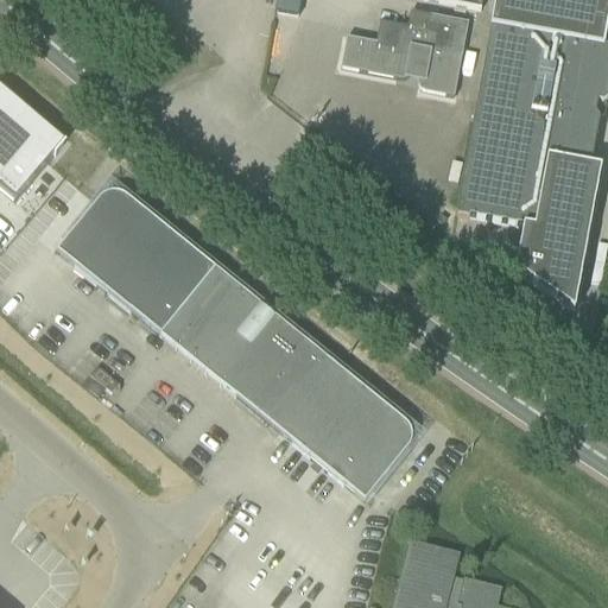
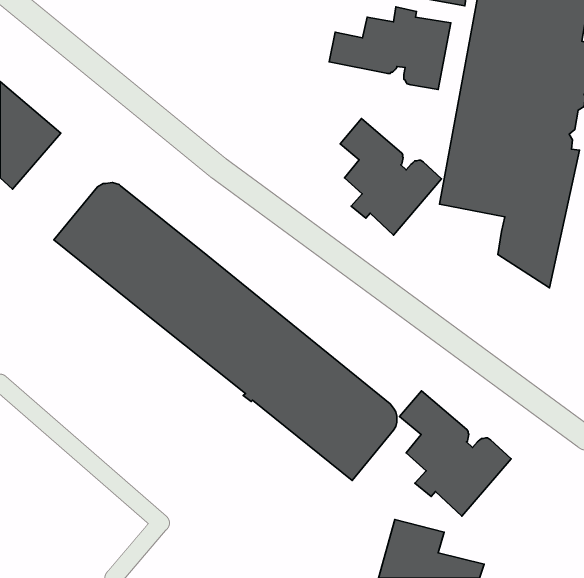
building: none -> [340,118,442,235]
building: none -> [400,391,511,516]

